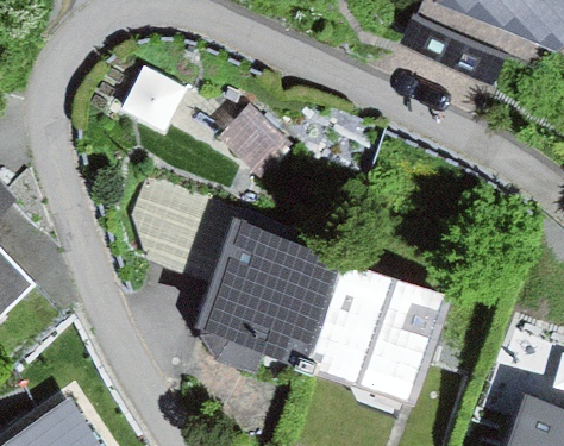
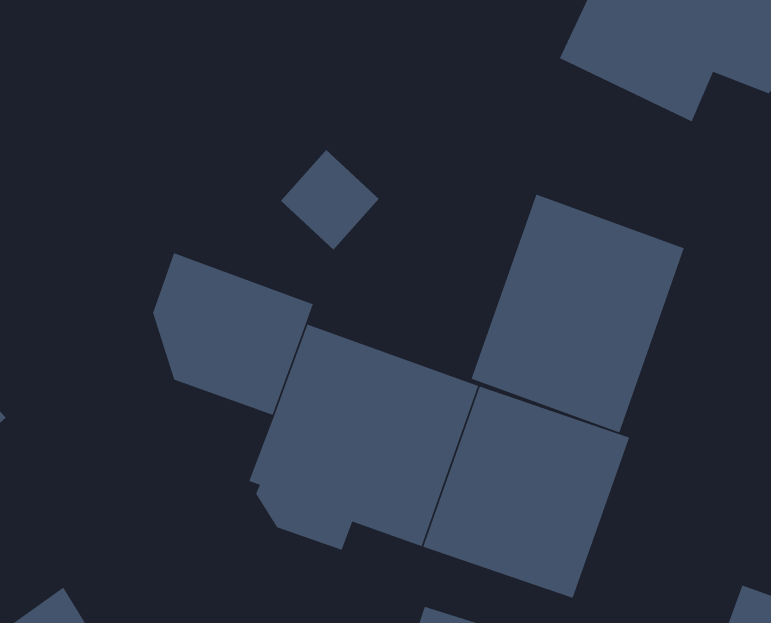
building: none -> [471,194,685,434]

